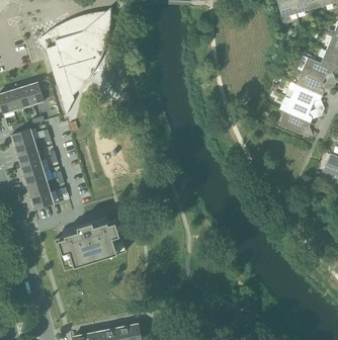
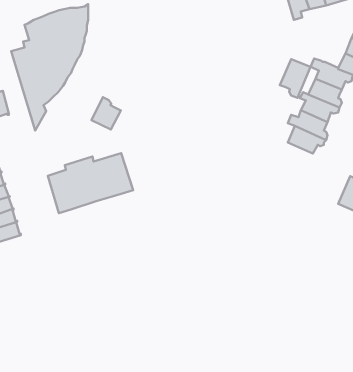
building: none -> [280,59,311,98]
building: none -> [91,97,121,129]
building: [55,220,126,270] -> [48,153,133,213]

